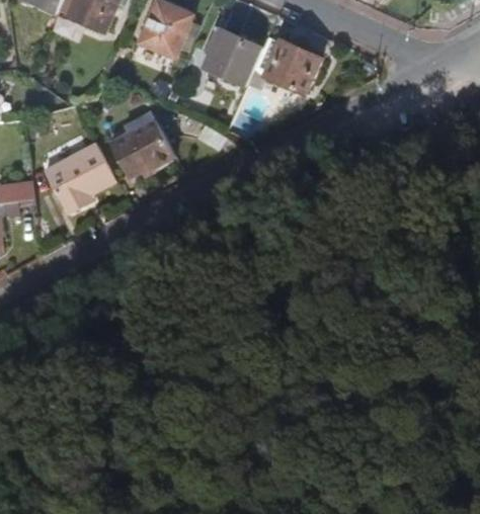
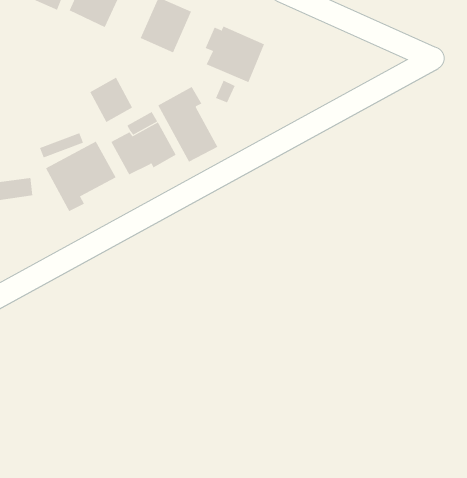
building: [254,35,321,94] -> none
building: none -> [90,77,133,123]
building: none -> [158,86,218,162]

